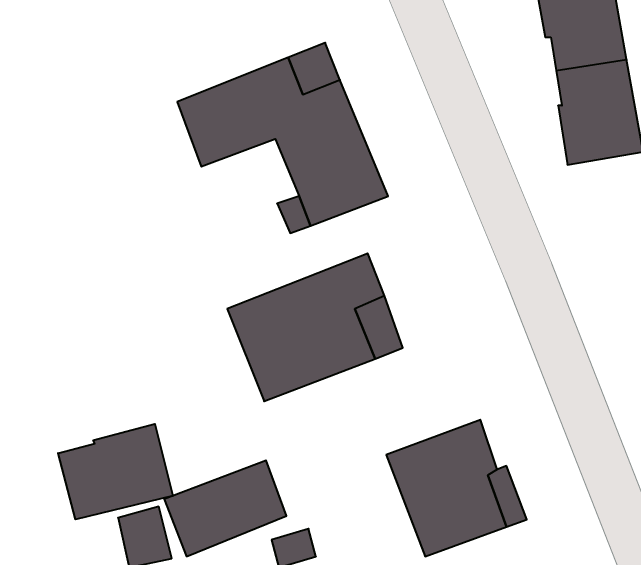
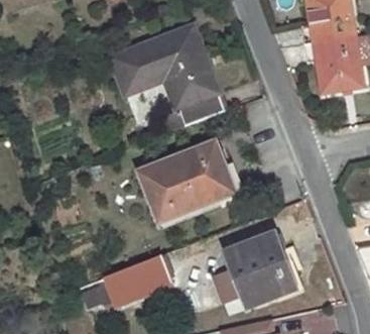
building: [58,424,173,519] -> none

